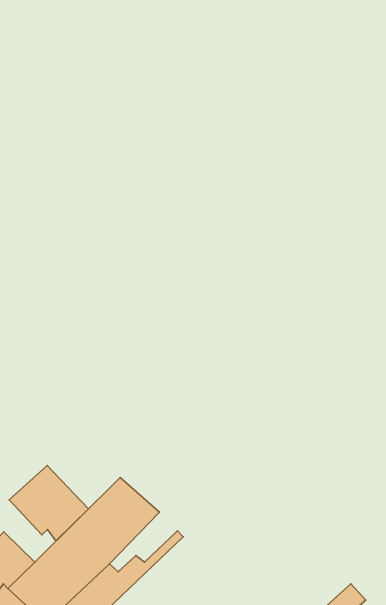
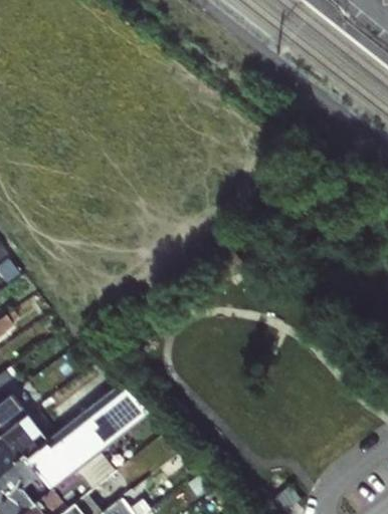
building: [9,466,89,541] -> none

